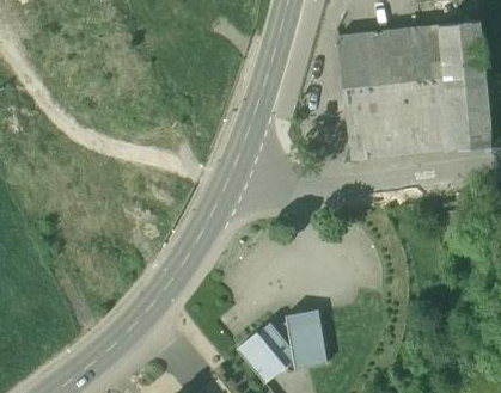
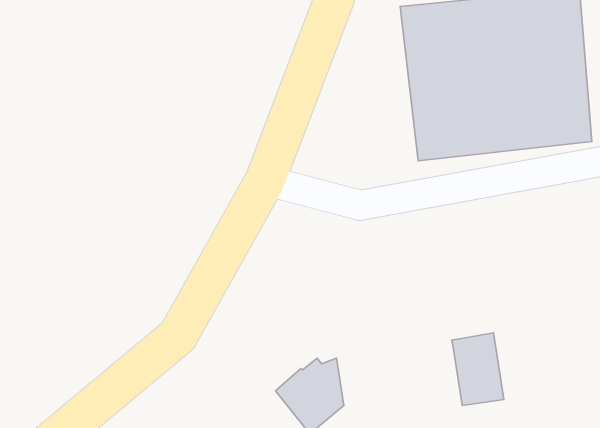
building: [285,307,326,366] -> [452,333,504,405]

